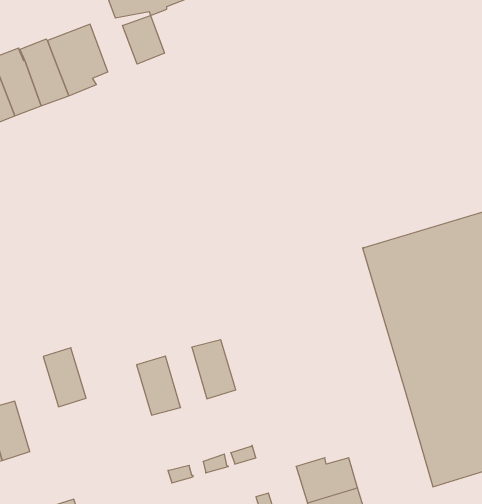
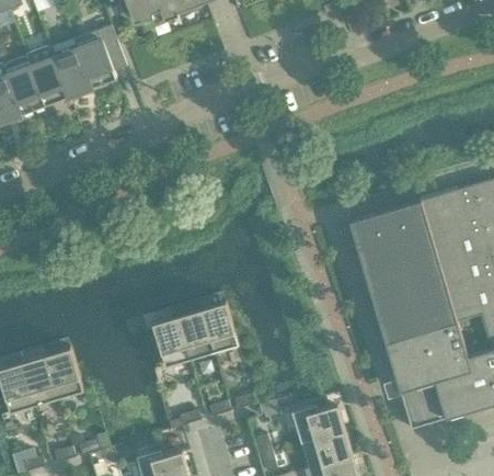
building: [123,15,164,64] -> none
building: none -> [177,307,214,360]
building: [43,348,86,407] -> [46,347,83,398]

